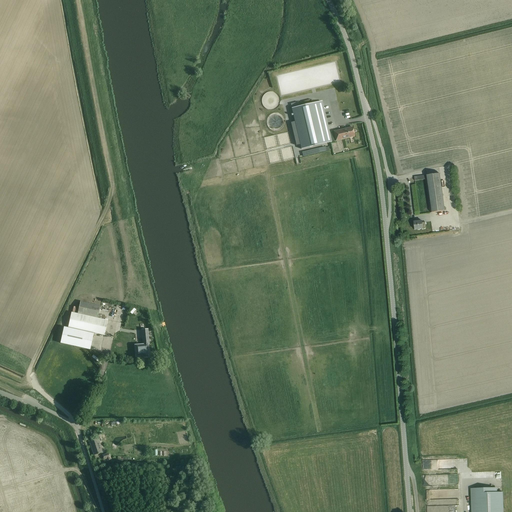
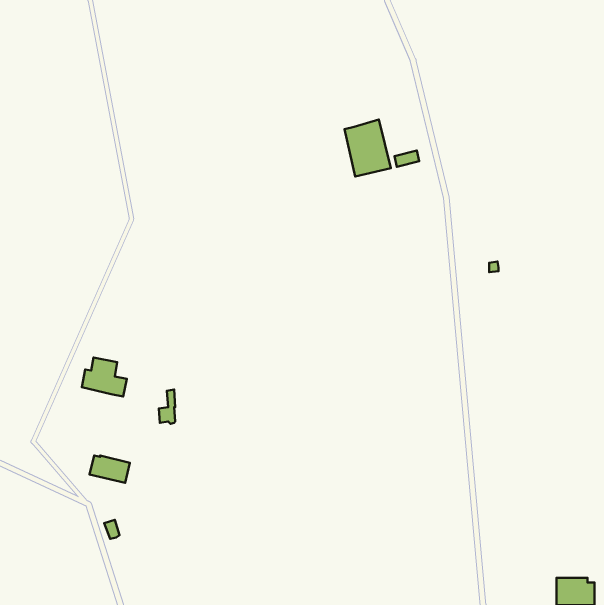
building: [413,173,443,213] -> none
building: [60,327,94,350] -> [89,456,130,483]

